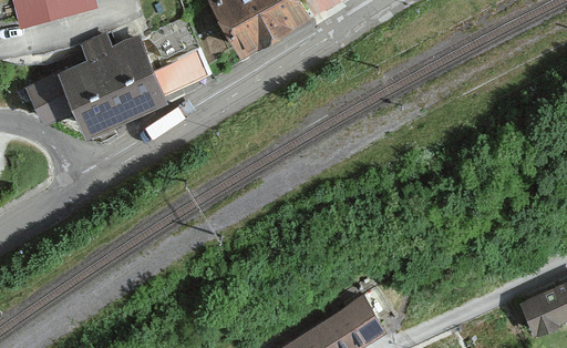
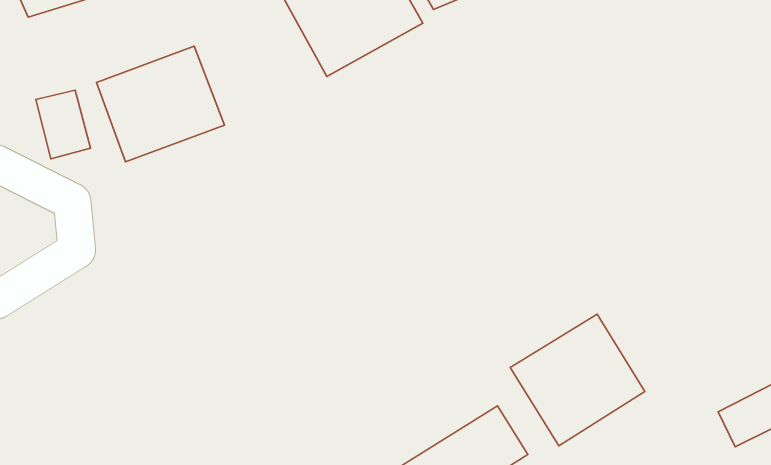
building: [155,43,214,93] -> none
building: none -> [510,314,645,446]

